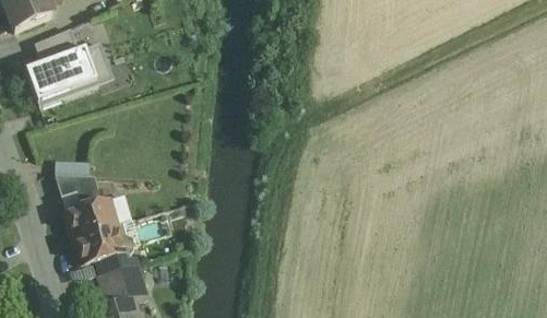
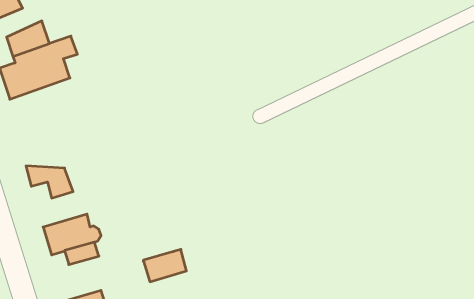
building: [67,199,118,236] -> none
building: [99,263,143,296] -> [143,249,186,282]

